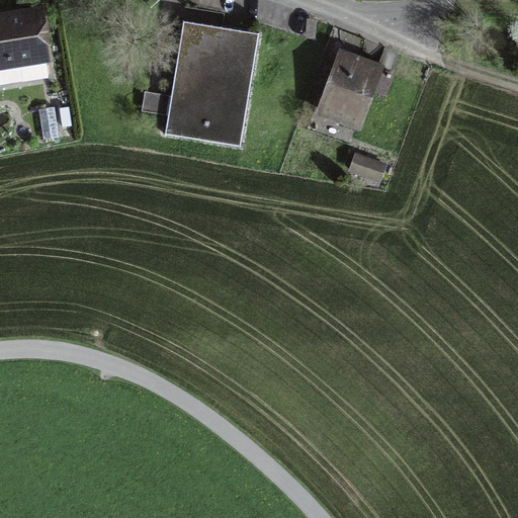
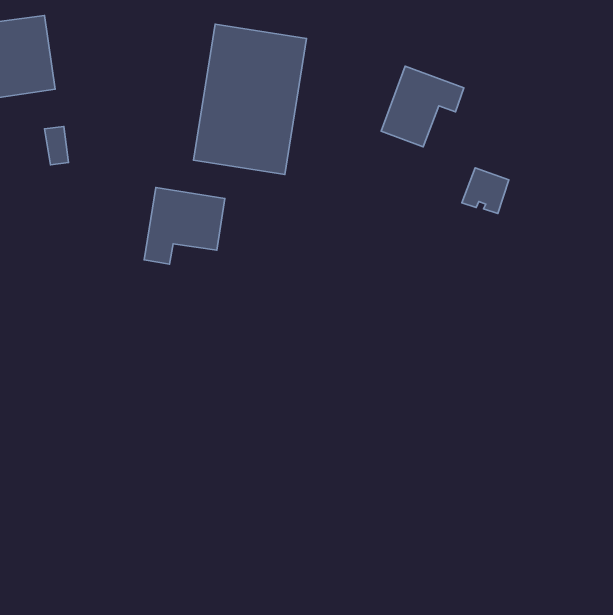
building: [347,146,386,184] -> [462,168,509,214]
building: none -> [144,188,225,264]

